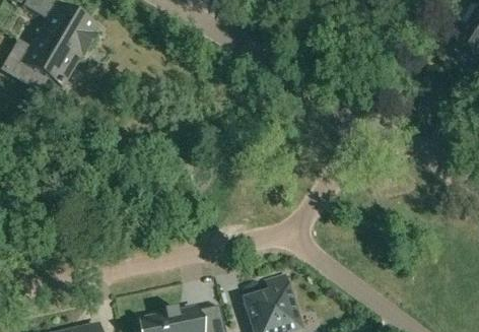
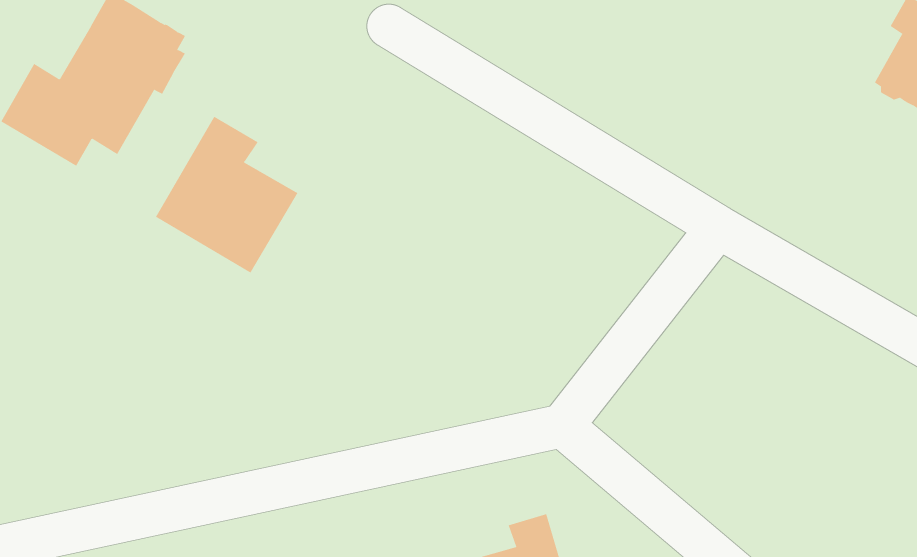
building: none -> [155,116,298,273]

